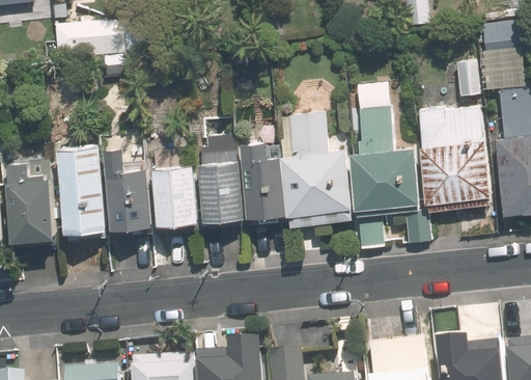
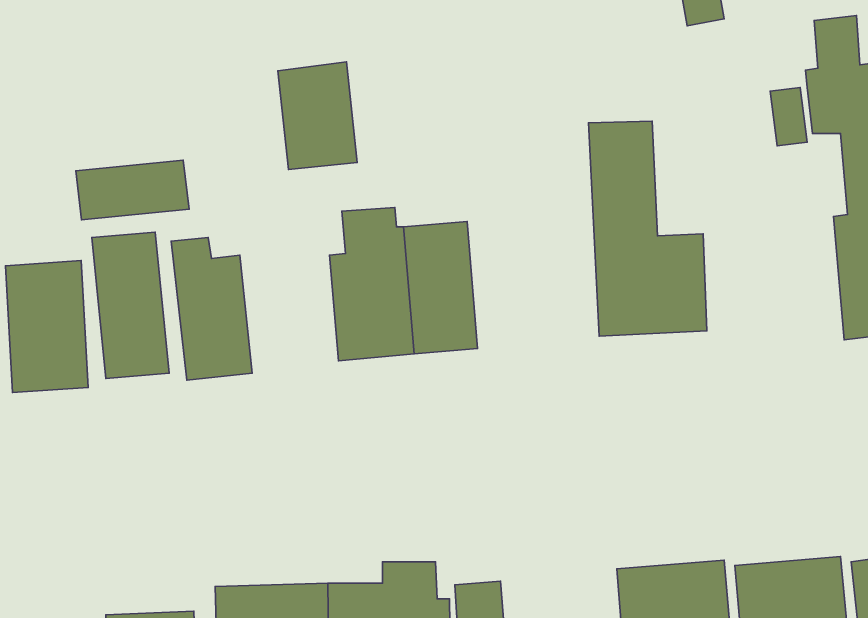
building: [418,104,493,207] -> none
building: none -> [76,160,189,220]
building: [277,113,351,215] -> none
building: [153,162,200,225] -> [278,62,357,169]

